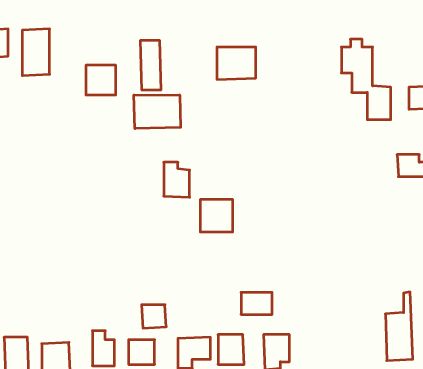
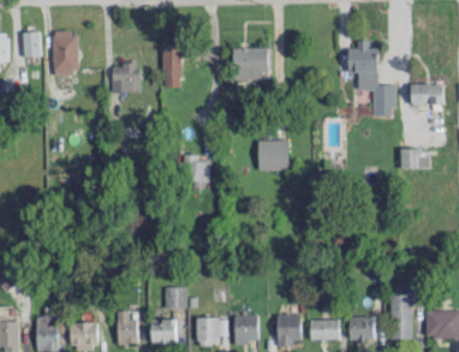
building: [134,95,181,129] -> none
building: [200,200,233,232] -> [258,141,288,171]
building: [241,292,272,314] -> [310,320,339,340]
building: none -> [348,317,374,340]

